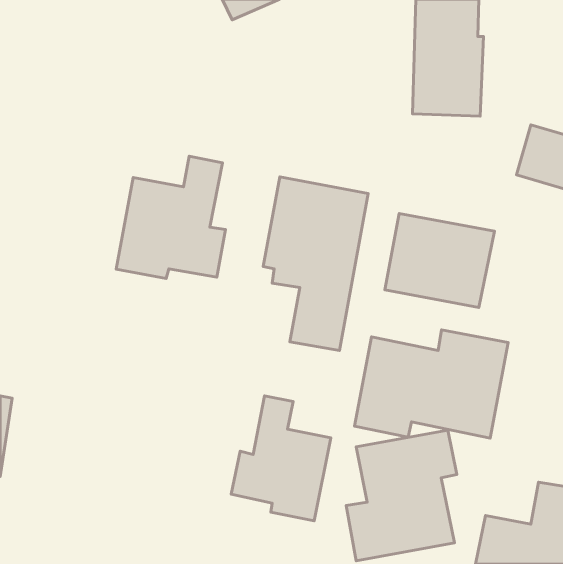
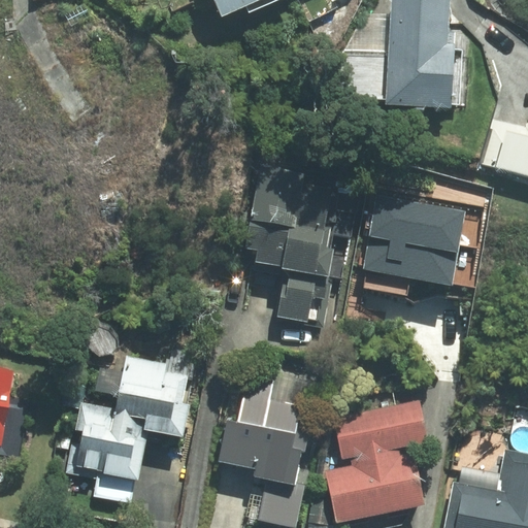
building: [116,156,225,278] -> none
building: [355,330,508,438] -> none
building: none -> [67,356,189,503]

